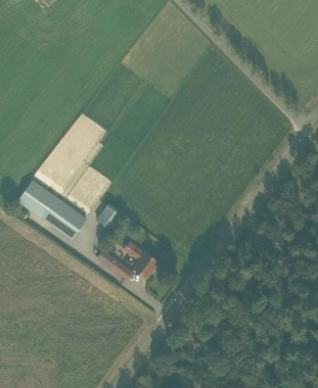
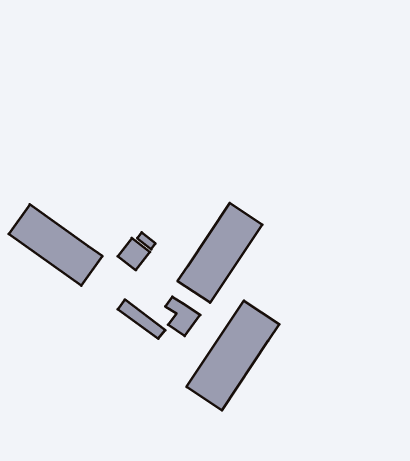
building: none -> [178,203,262,303]
building: none -> [187,301,279,410]

